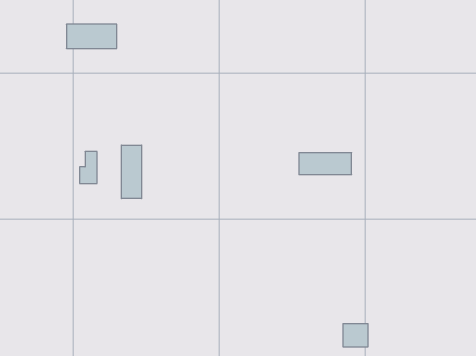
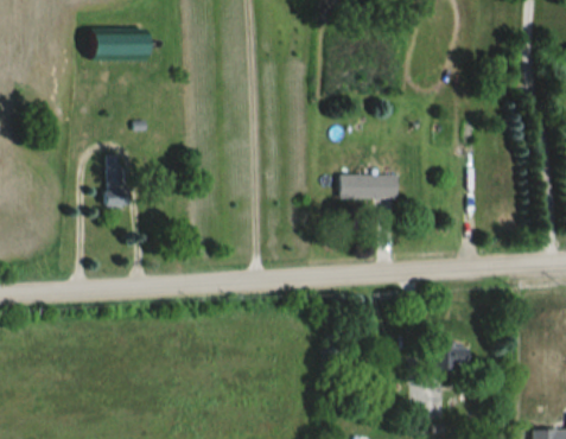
building: [121,145,142,199] -> none
building: [343,324,368,347] -> [440,344,468,369]

